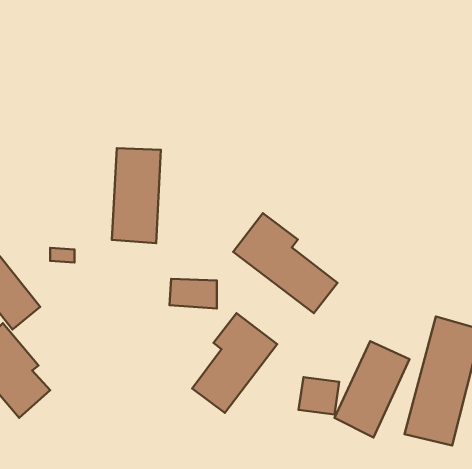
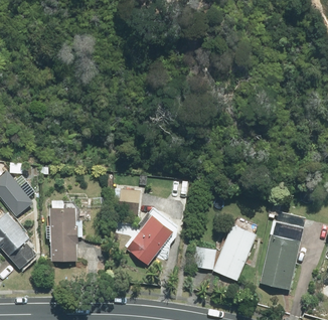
building: [112,148,161,243] -> [53,203,84,262]
building: [233,213,338,313] -> none

